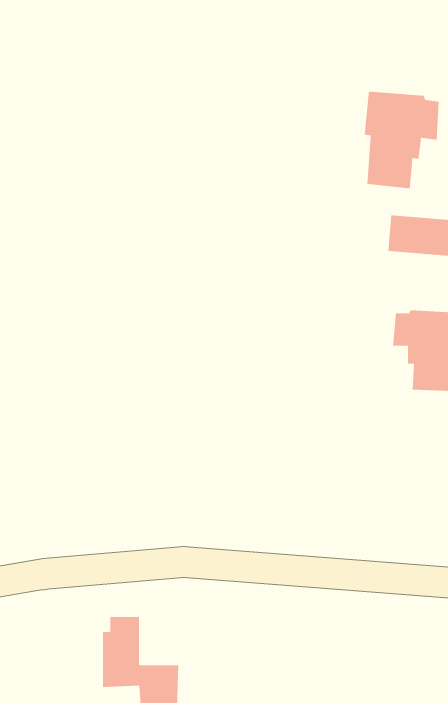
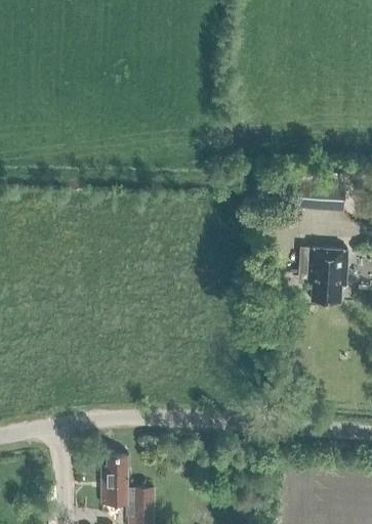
building: [364,91,439,189] -> none

